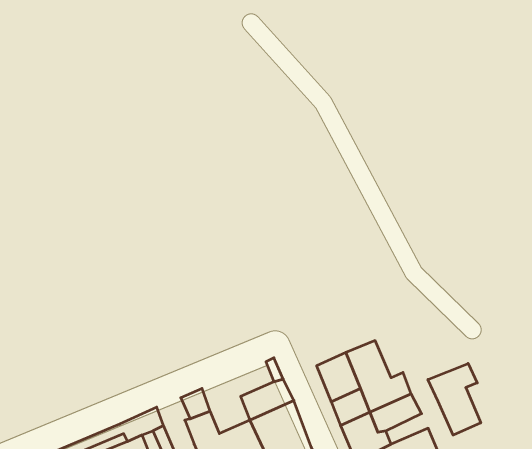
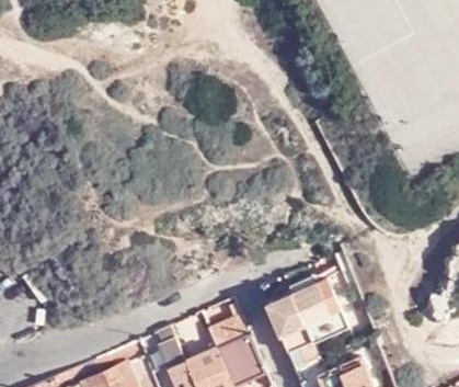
building: [428,363,481,435] -> none

